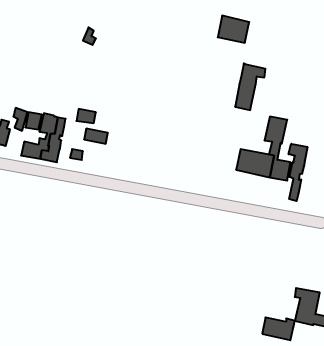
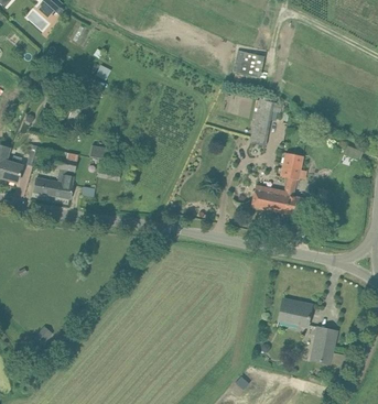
building: [289,144,307,201] -> none
building: [262,317,295,340] -> [278,302,311,325]

